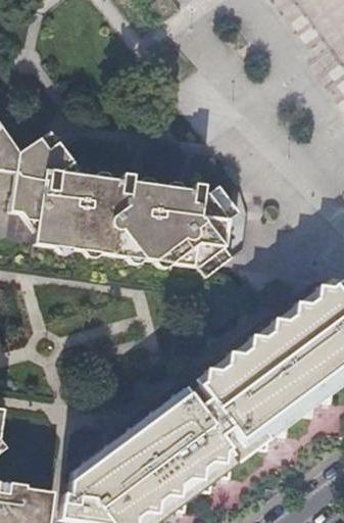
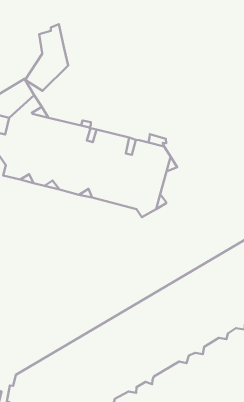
building: none -> [25,24,68,91]

